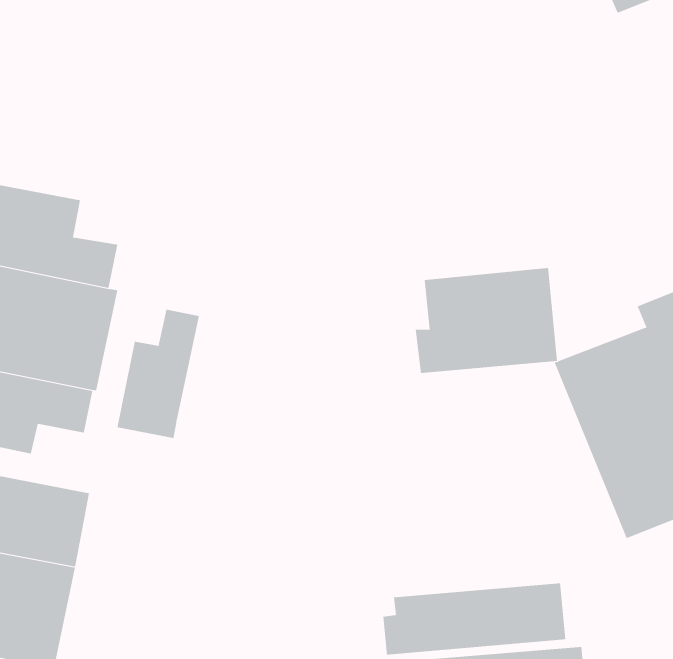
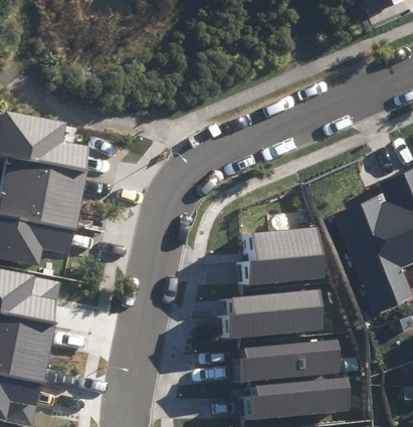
building: [415,268,558,373] -> [241,225,323,285]
building: [117,309,199,439] -> none
building: none -> [224,288,322,339]

